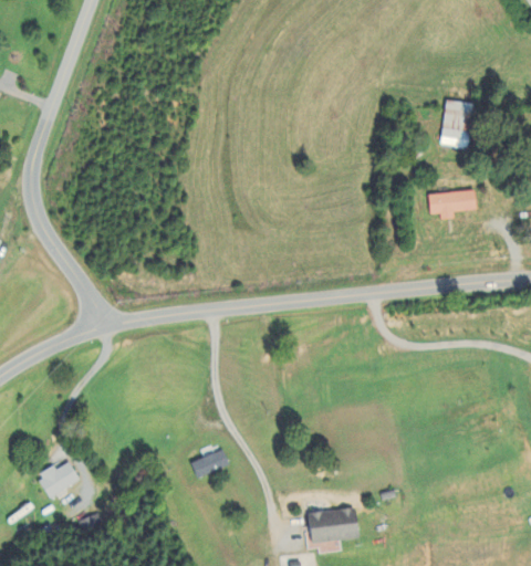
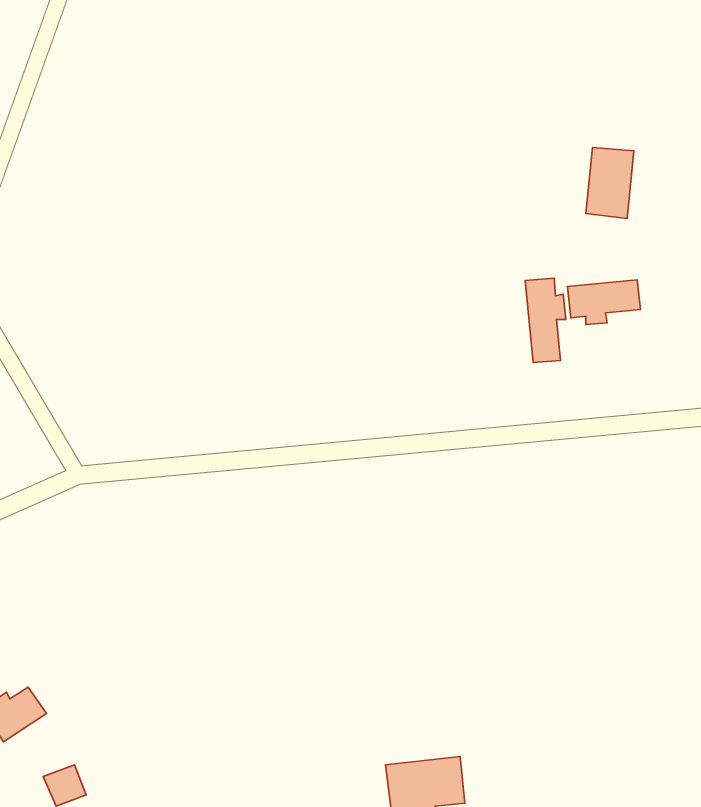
building: none -> [525,278,566,363]
building: [190,450,228,476] -> none

